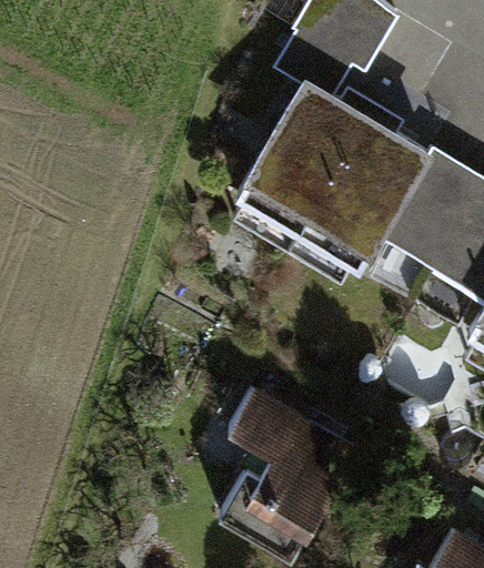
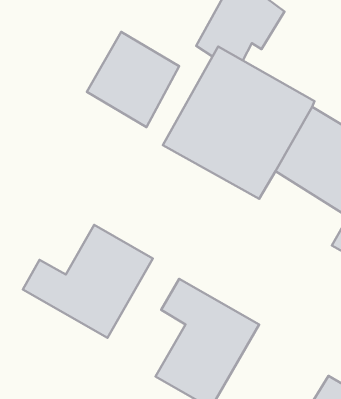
building: none -> [87,32,179,127]
building: none -> [23,225,153,338]

